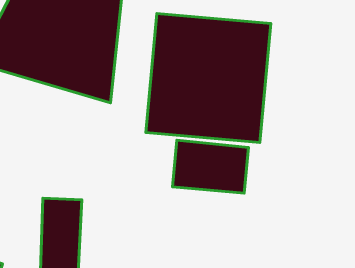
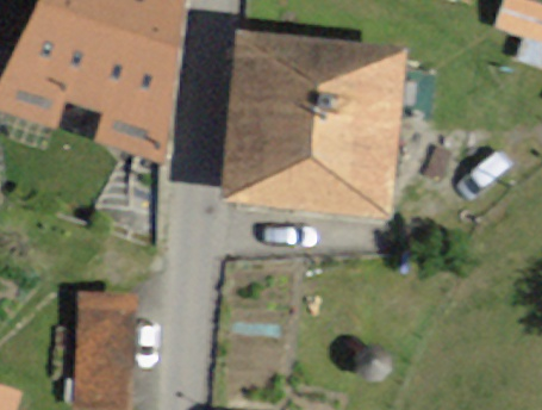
building: [173,140,248,193] -> none

